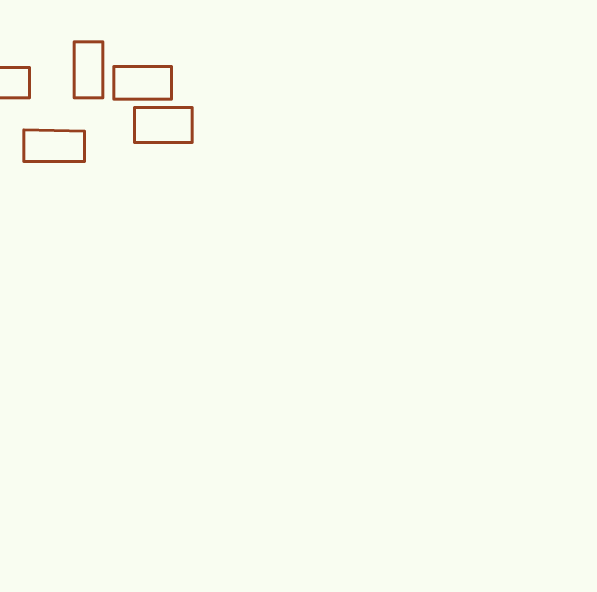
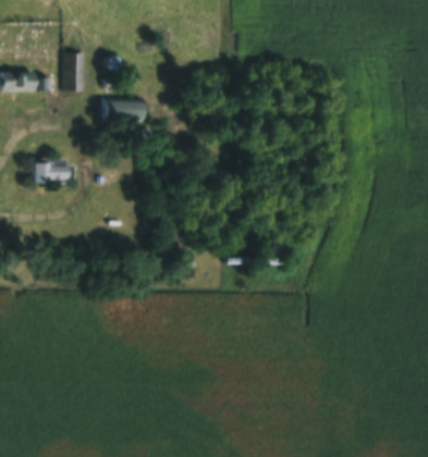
building: [114,66,172,99] -> none
building: [24,130,85,162] -> [32,160,73,182]

